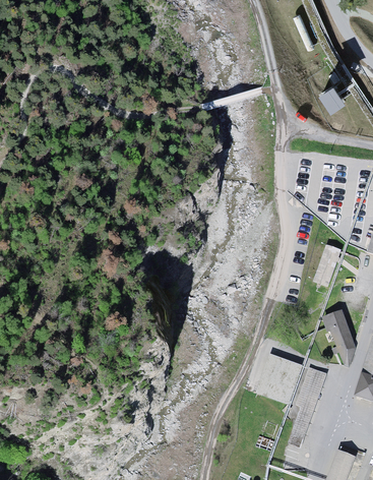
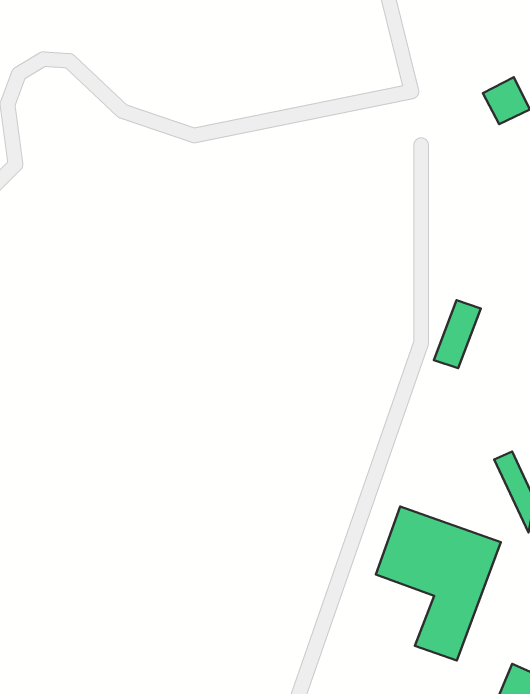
building: [313,244,343,287] -> [434,300,481,368]

